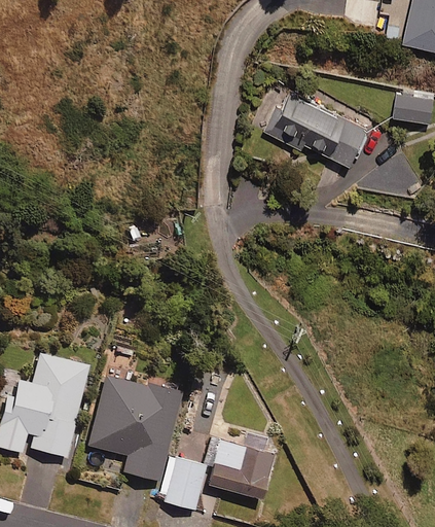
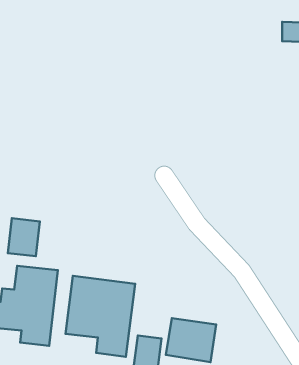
building: [265,93,368,165] -> none
building: none -> [8,218,40,256]

